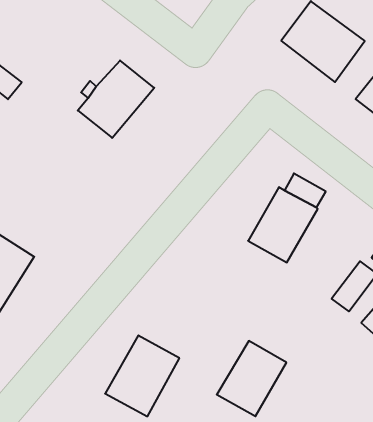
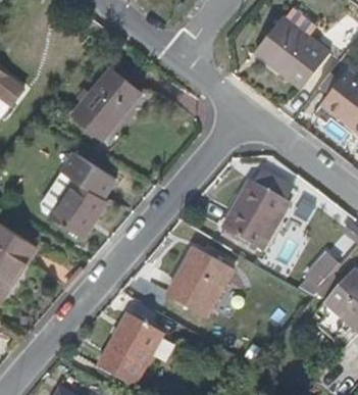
building: none -> [49,150,114,237]
building: [217,341,286,416] -> [170,250,233,317]

